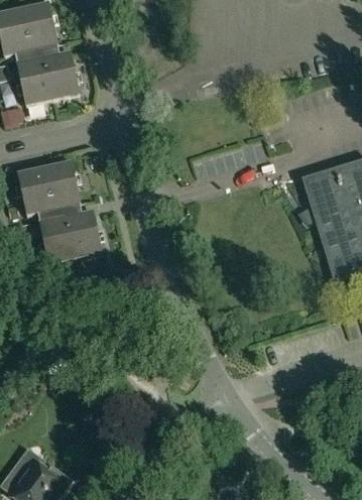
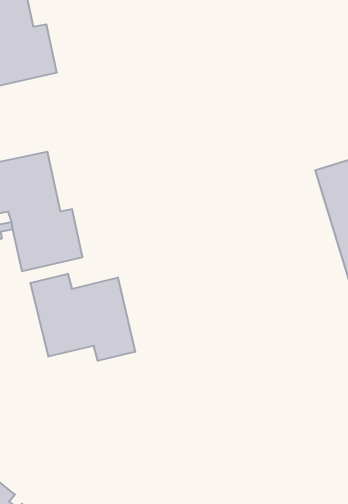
building: none -> [30,274,135,361]

